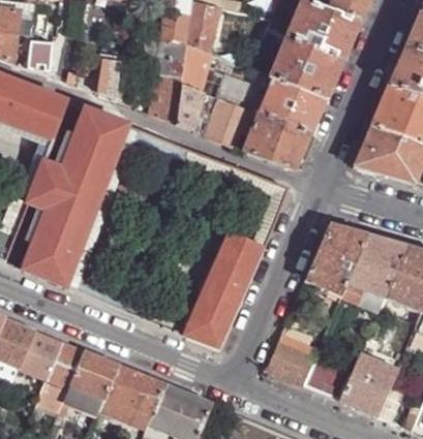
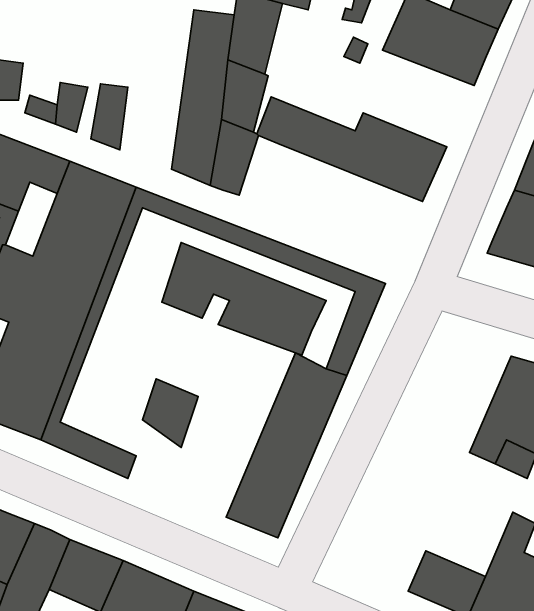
building: [269,36,344,98] -> none
building: [206,96,311,168] -> [162,243,326,355]
building: [305,222,368,294] -> none
building: none -> [143,379,198,448]
building: [266,333,318,383] -> none

